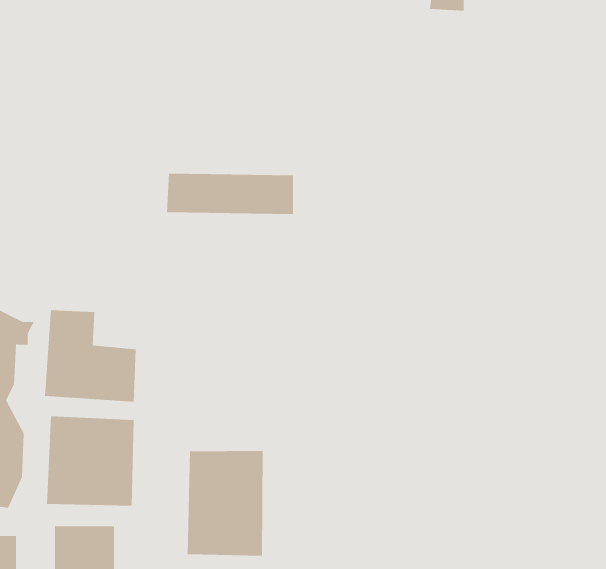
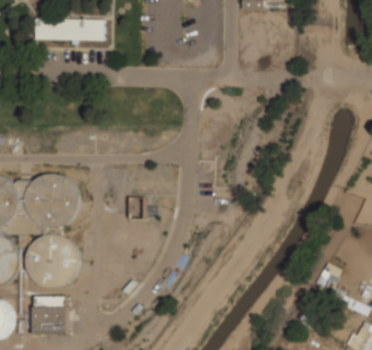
building: [166,173,294,214] -> [34,19,105,41]
building: [187,450,263,557] -> none

